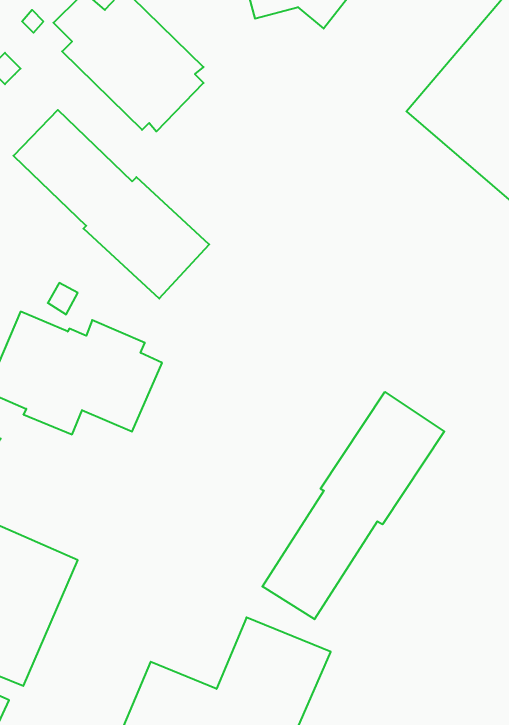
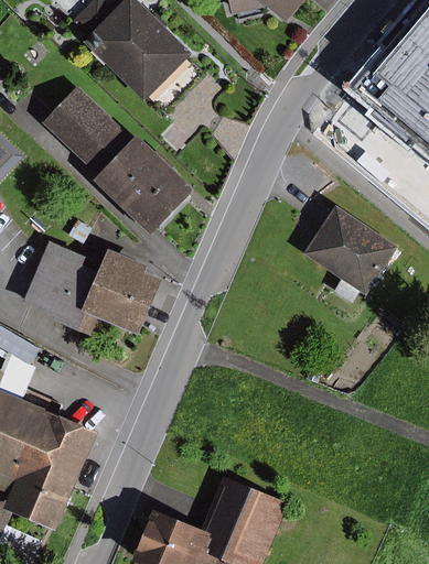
building: none -> [308,204,403,302]
building: [262,392,444,619] -> none

